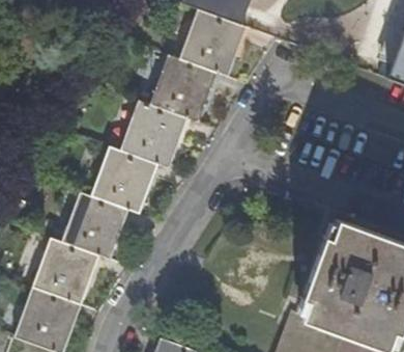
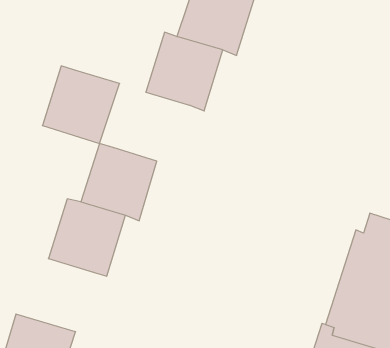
building: [123,99,191,166] -> [42,66,120,143]
building: [33,236,100,303] -> none

